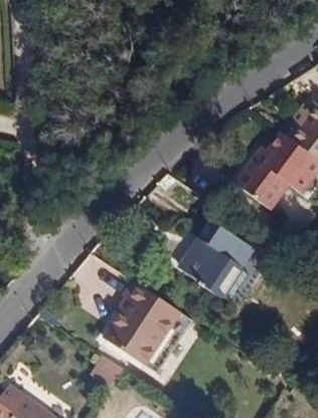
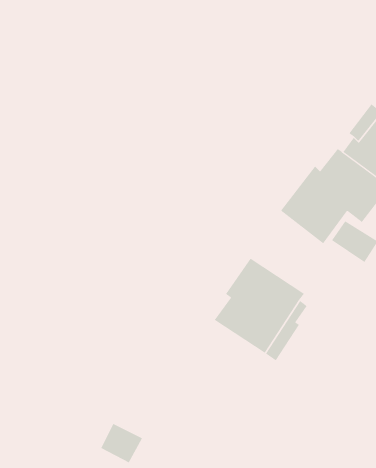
building: [106,283,191,372] -> none

